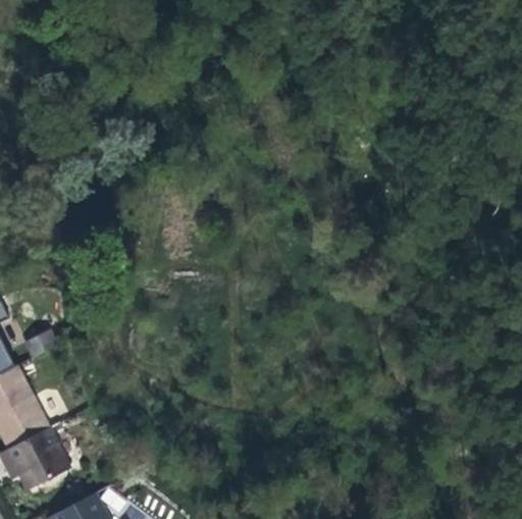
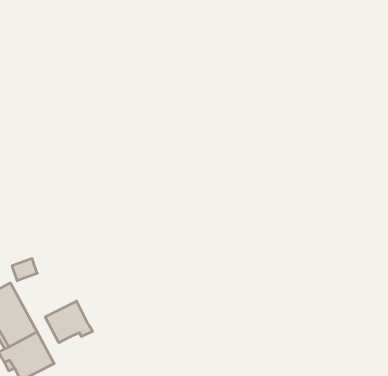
building: none -> [45,301,92,343]

